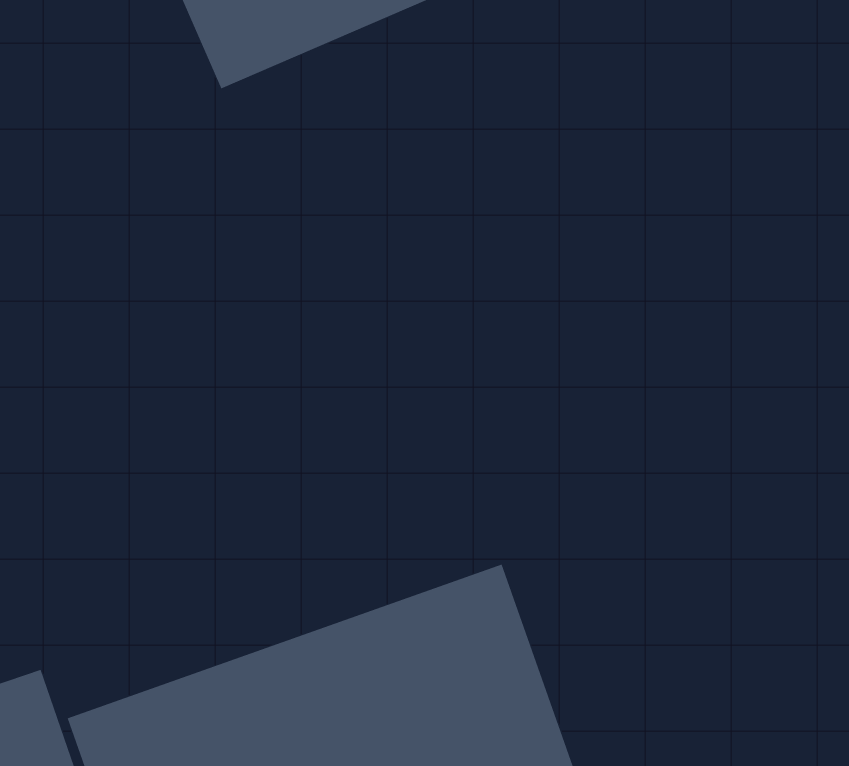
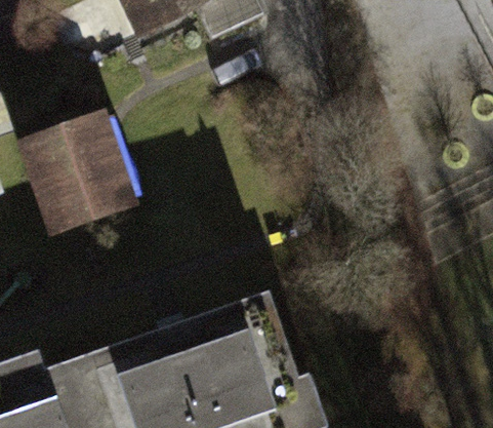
building: none -> [19,126,139,255]

